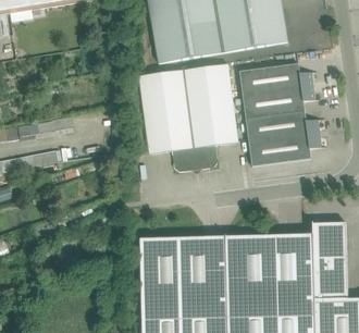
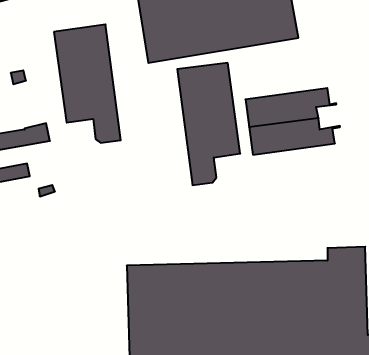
building: [240,63,318,95] -> none
building: [139,69,197,171] -> [54,24,121,143]
building: [249,133,327,165] -> none

